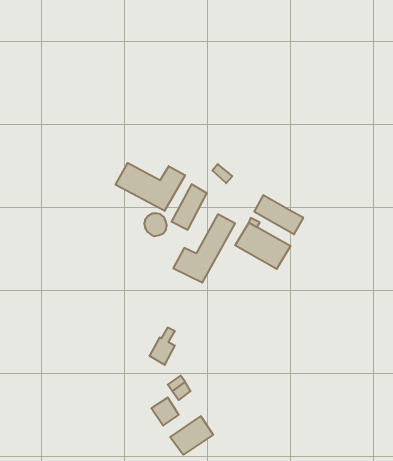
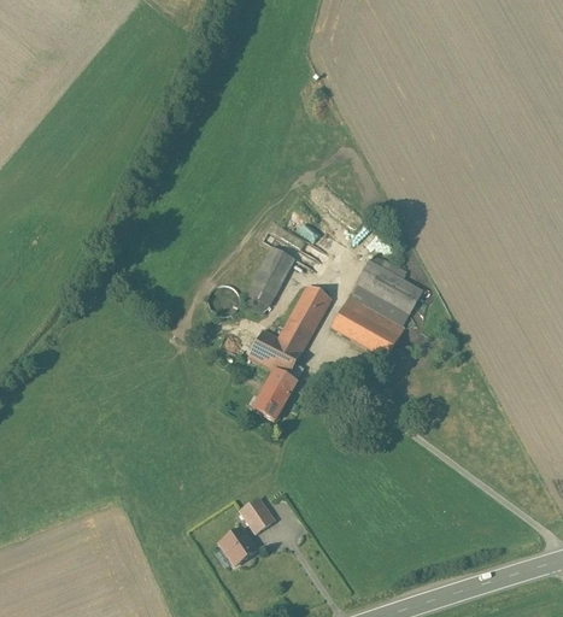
building: [116,163,185,211] -> none
building: [149,328,175,365] -> [253,371,287,421]
building: [170,416,213,455] -> none

